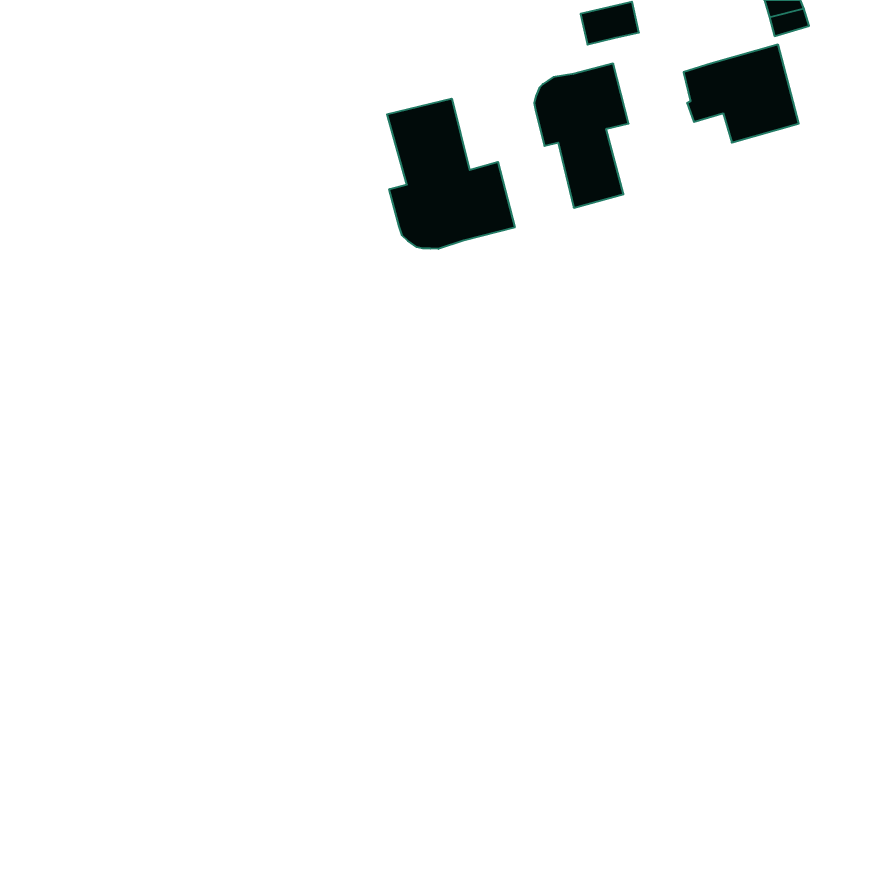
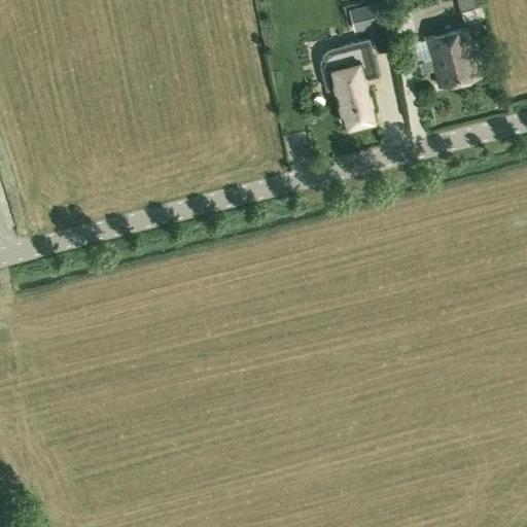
building: [387,99,515,249] -> none

